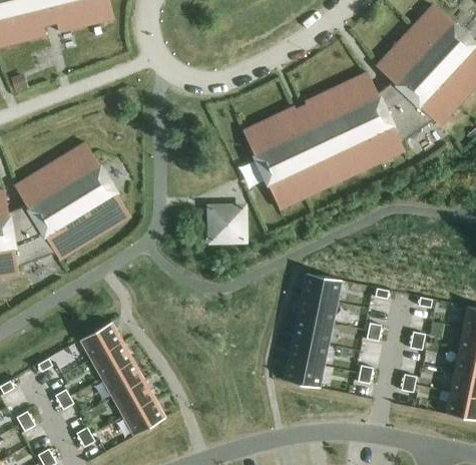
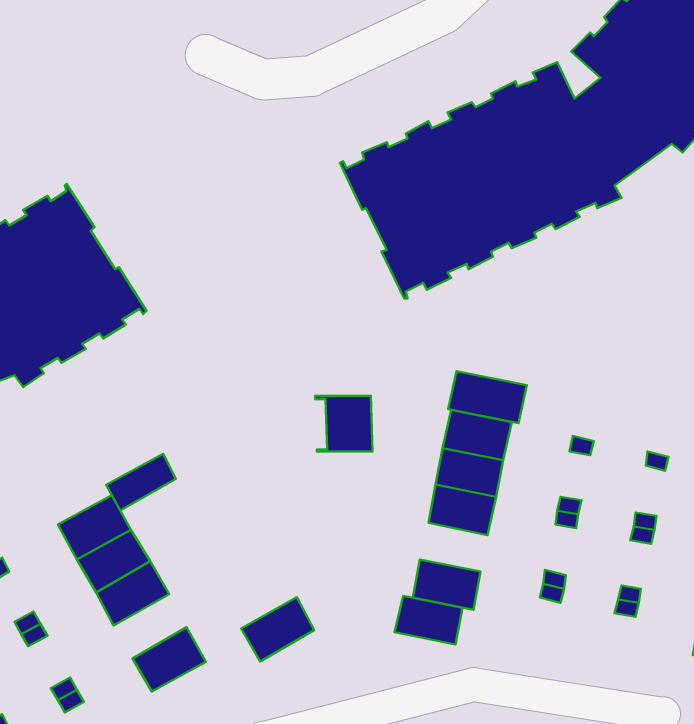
building: [210,207,244,240] -> [315,396,372,451]
building: none -> [448,371,527,423]
building: none -> [106,454,176,510]
building: [289,338,328,366] -> [395,596,462,644]
building: [112,379,154,416] -> [241,597,314,662]

